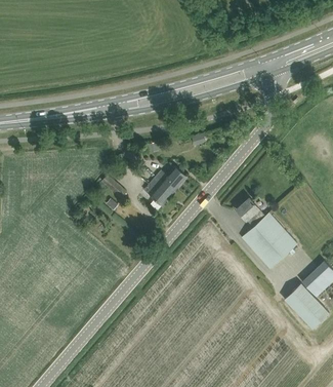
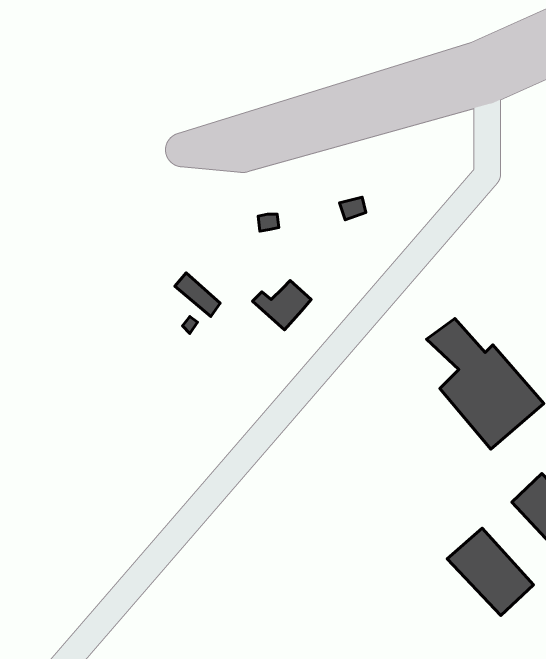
building: [148,165,185,189] -> none
building: none -> [447,528,534,616]

